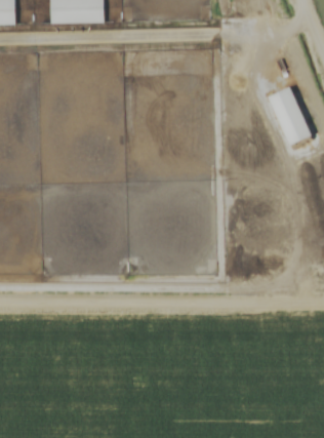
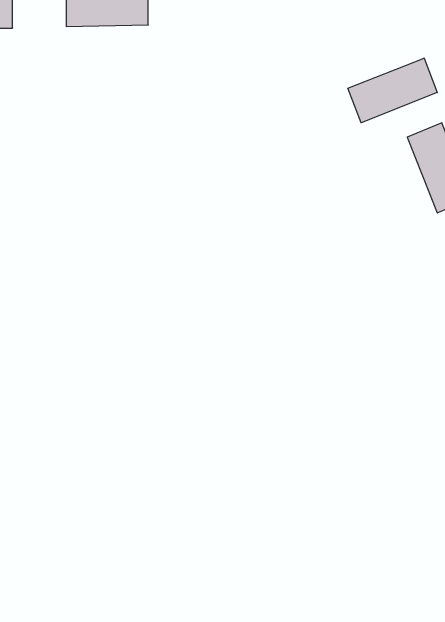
building: none -> [348,58,437,123]

